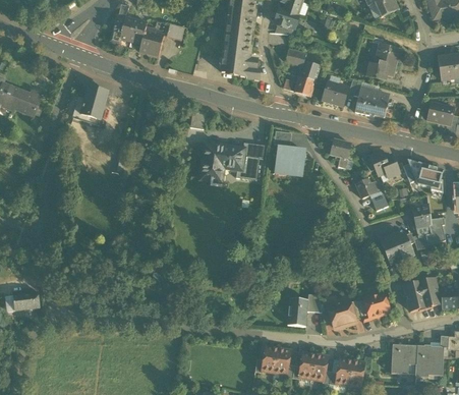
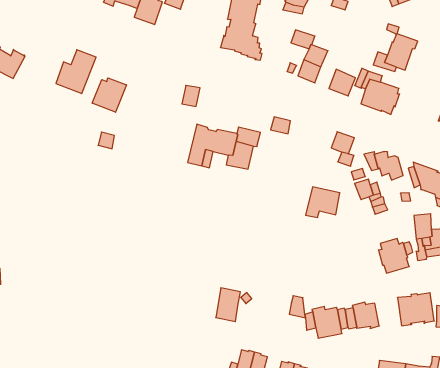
building: none -> [92,78,126,112]
building: [275,147,304,174] -> [306,187,340,217]
building: [287,296,307,326] -> [216,288,240,322]

